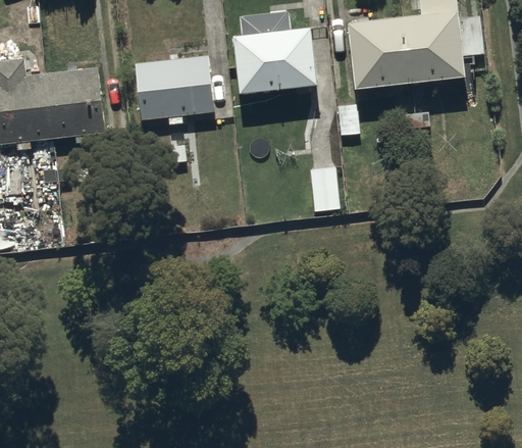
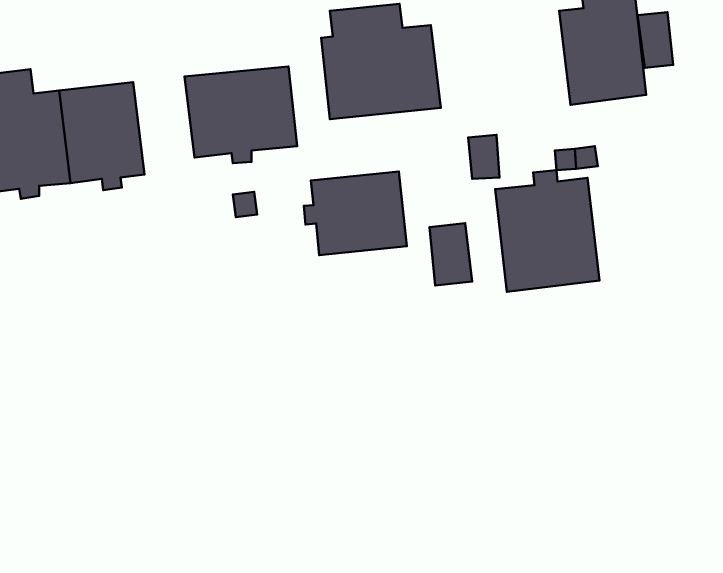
building: [347,16,410,90] -> none
building: none -> [495,170,600,292]
building: none -> [304,172,407,255]

